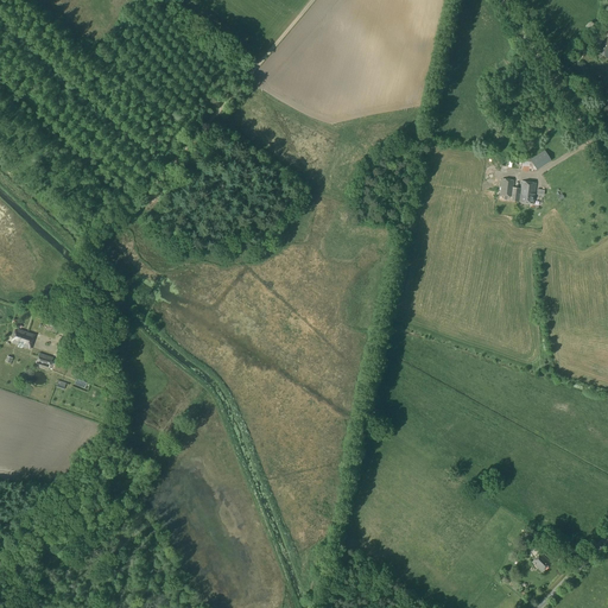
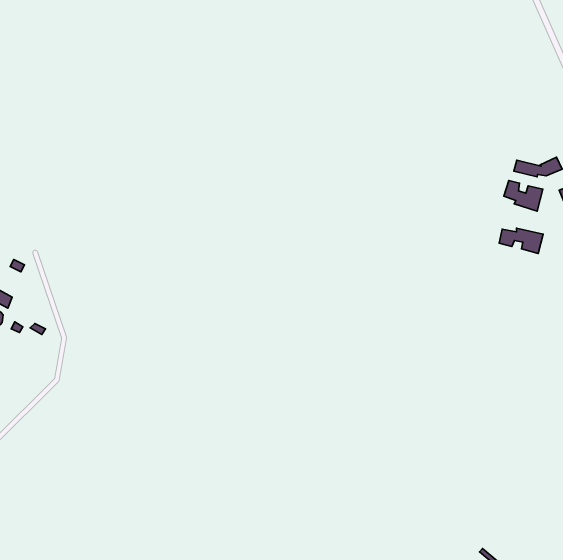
building: none -> [499,228,543,253]

